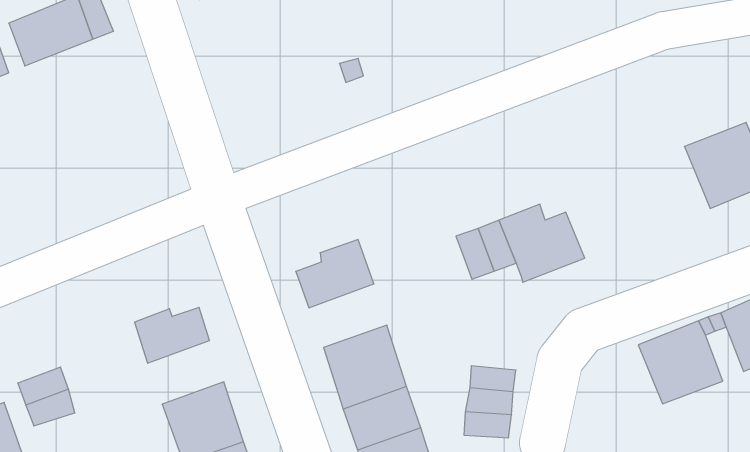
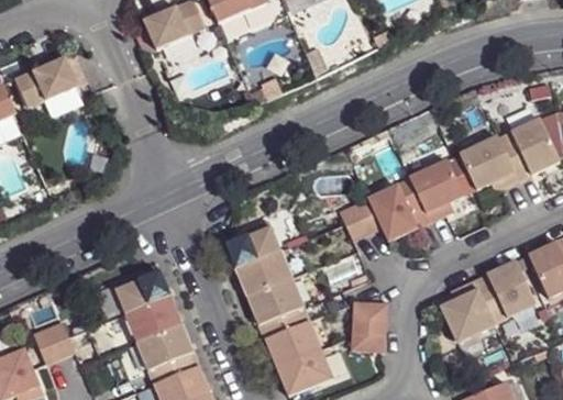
building: none -> [457,133,517,190]
building: none -> [408,156,463,221]
building: none -> [236,248,292,296]
building: none -> [124,296,179,343]
building: none -> [440,280,494,342]

